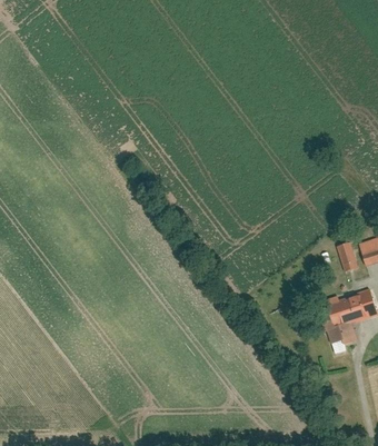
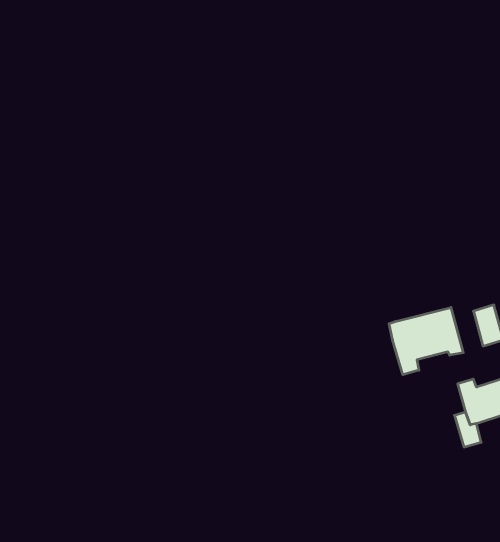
building: none -> [389,307,463,375]

